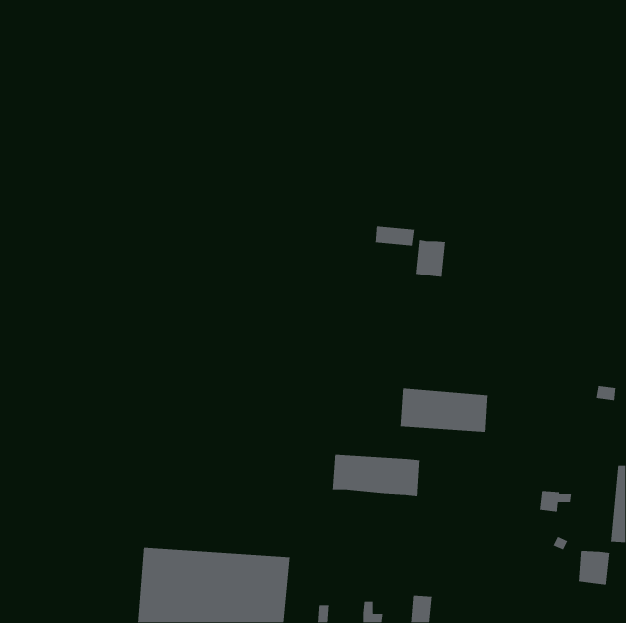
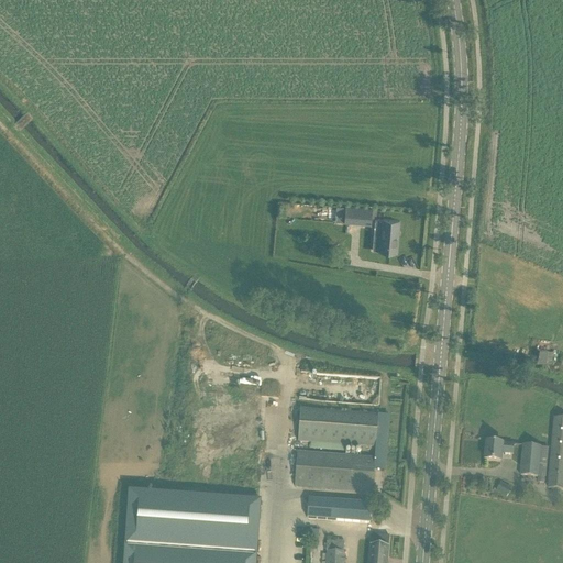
building: [400,388,488,433] -> [295,450,374,490]
building: [578,550,610,586] -> [520,444,549,476]
building: none -> [302,497,367,519]

